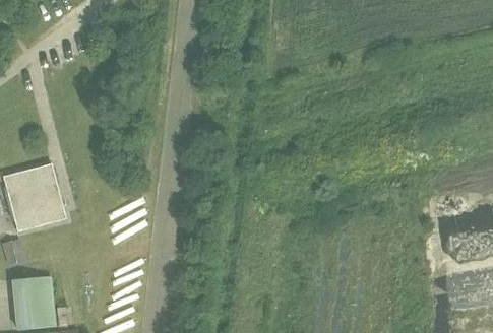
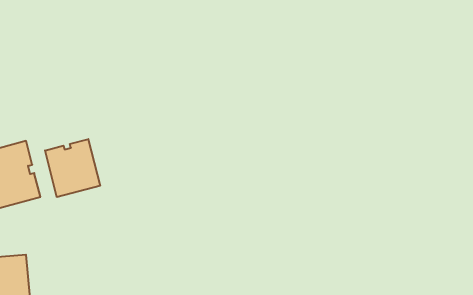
building: none -> [45,139,100,197]

